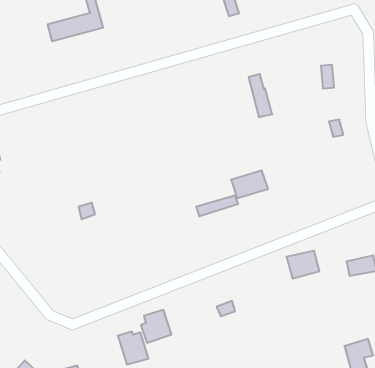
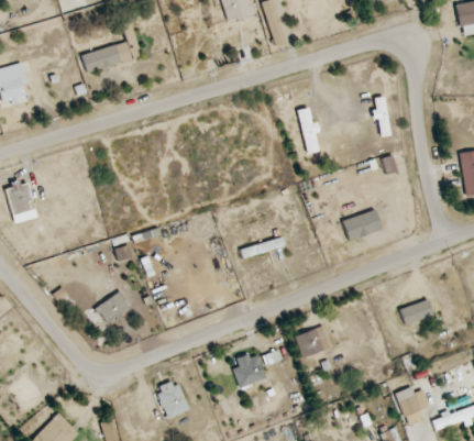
building: [231,170,268,198] -> [342,210,382,240]
building: none -> [96,291,130,322]
building: [286,251,319,279] -> [295,327,330,356]
building: [141,310,172,343] -> [232,352,265,387]

